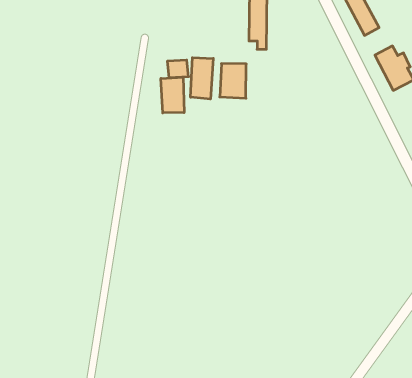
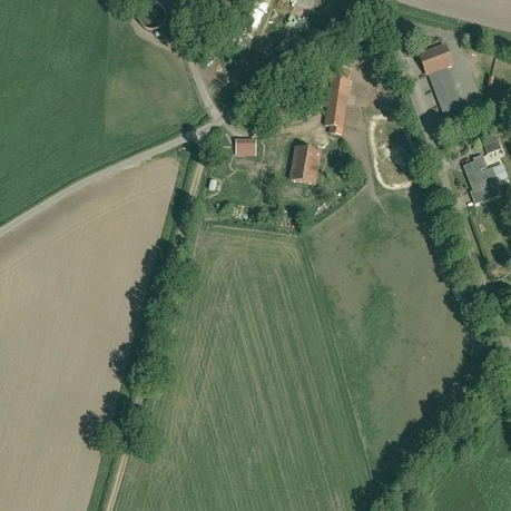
building: [191,58,213,99] -> none
building: [161,77,184,113] -> none

